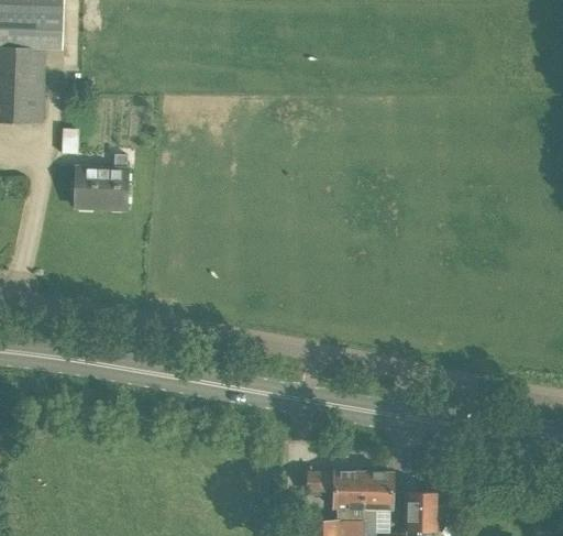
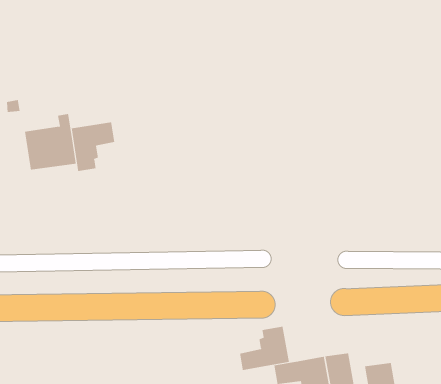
building: none -> [71,122,115,172]
building: none -> [239,326,289,371]

